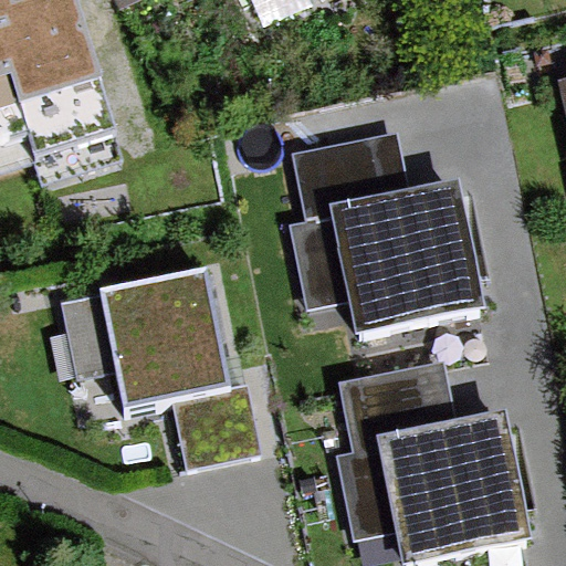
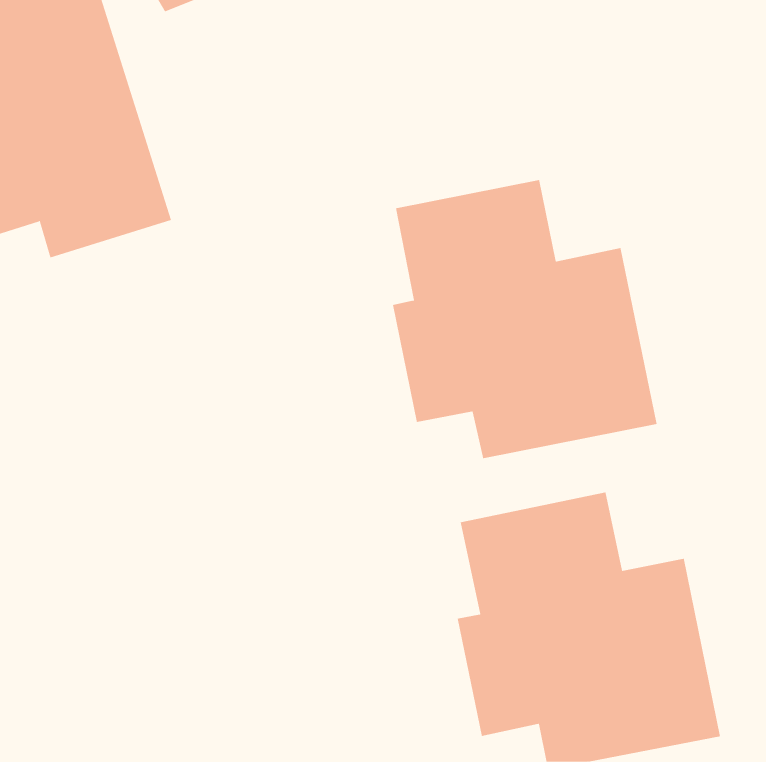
building: [61,269,260,465] -> none

